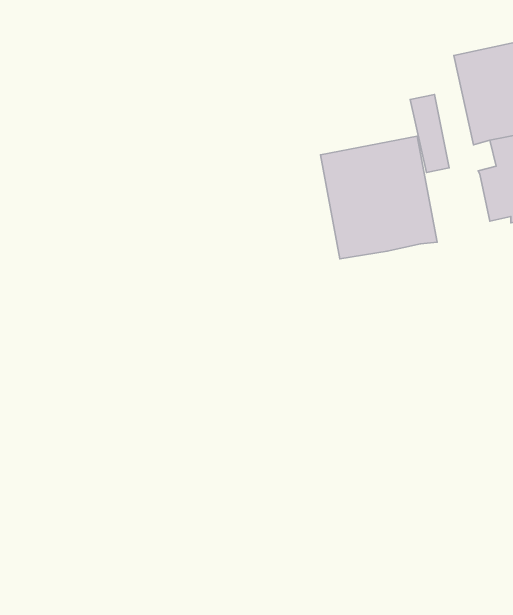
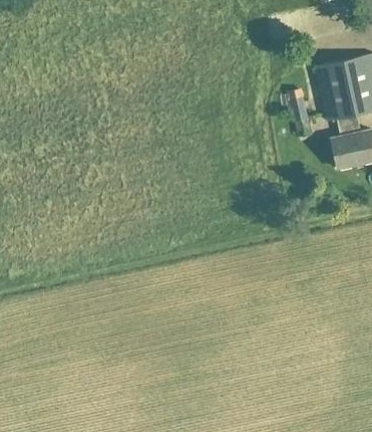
building: [320,136,437,259] -> none

